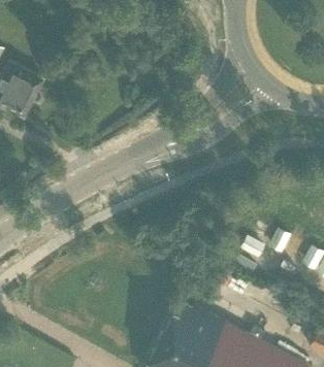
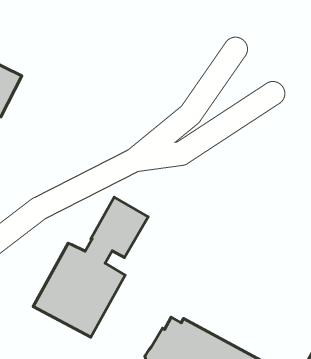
building: none -> [33,197,148,337]

